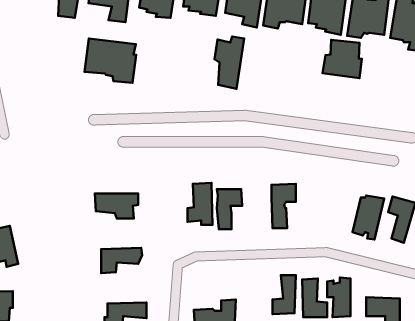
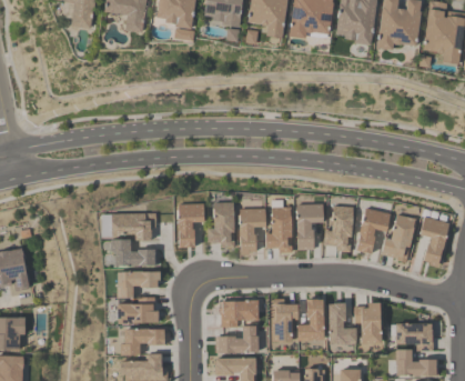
building: [214,37,244,89] -> none
building: [85,38,136,83] -> none
building: [323,40,362,78] -> none
building: none -> [176,203,204,248]
building: none -> [326,205,354,251]
building: none -> [266,207,293,251]
building: none -> [357,209,391,253]
building: none -> [111,239,158,265]
building: none -> [118,297,159,323]
building: none -> [272,299,297,342]
building: none -> [221,300,257,327]

